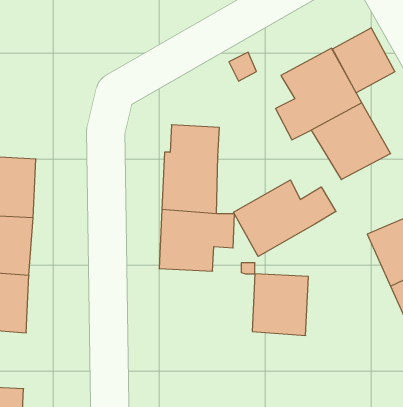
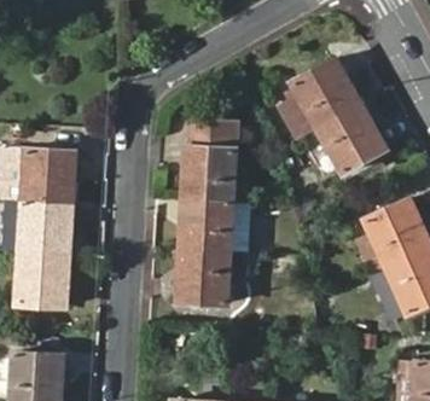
building: [332,28,395,93] -> none
building: [234,180,336,256] -> none
building: [252,274,308,335] -> [180,249,229,303]

